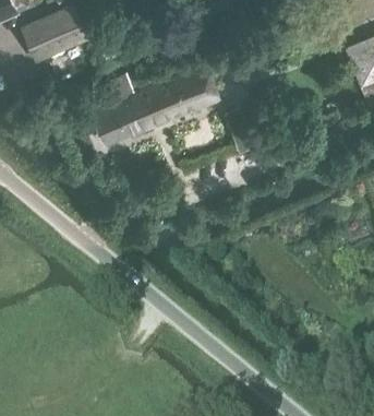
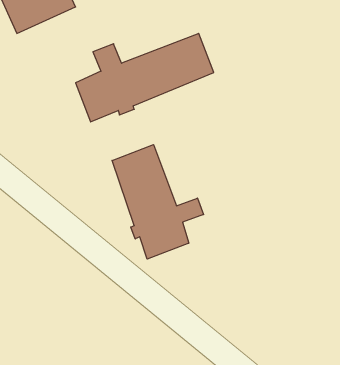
building: none -> [112,145,204,259]

